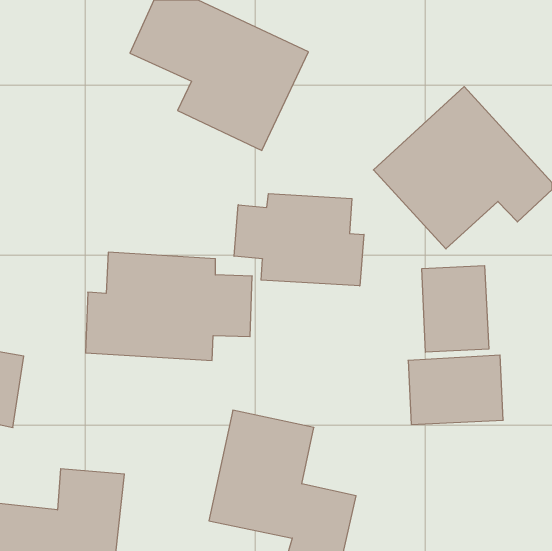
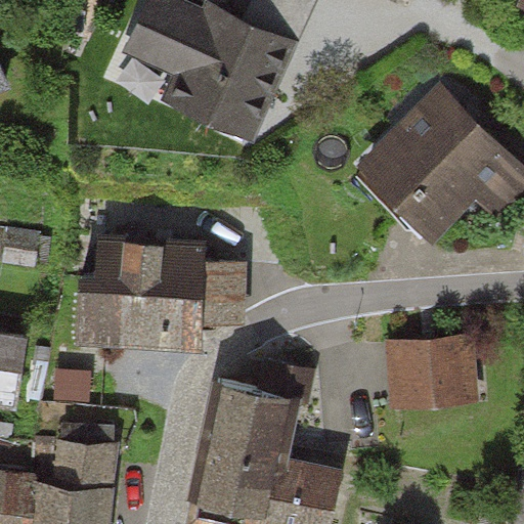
building: [234,194,364,286] -> none
building: [422,266,489,352] -> none

